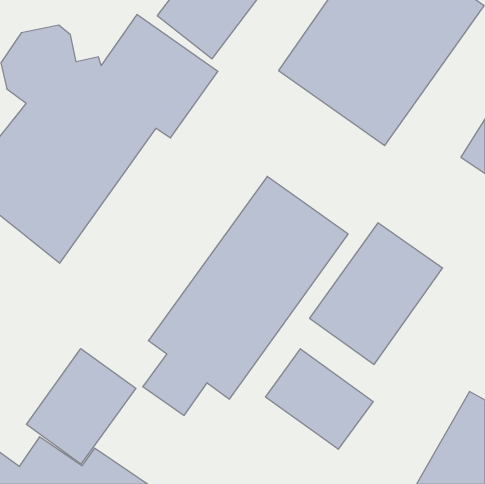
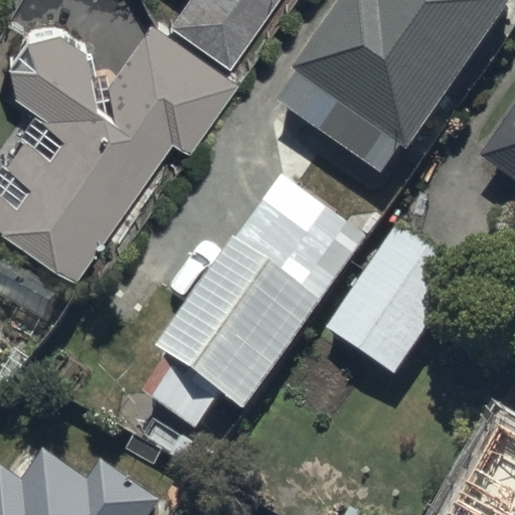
building: [26,349,136,464] -> none
building: [266,349,373,449] -> none

